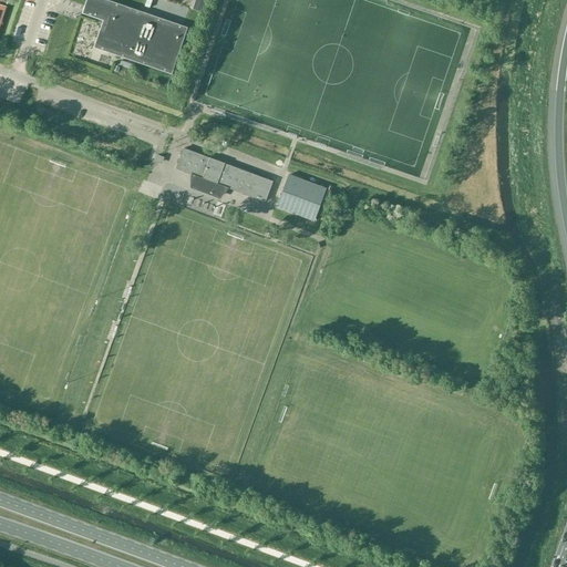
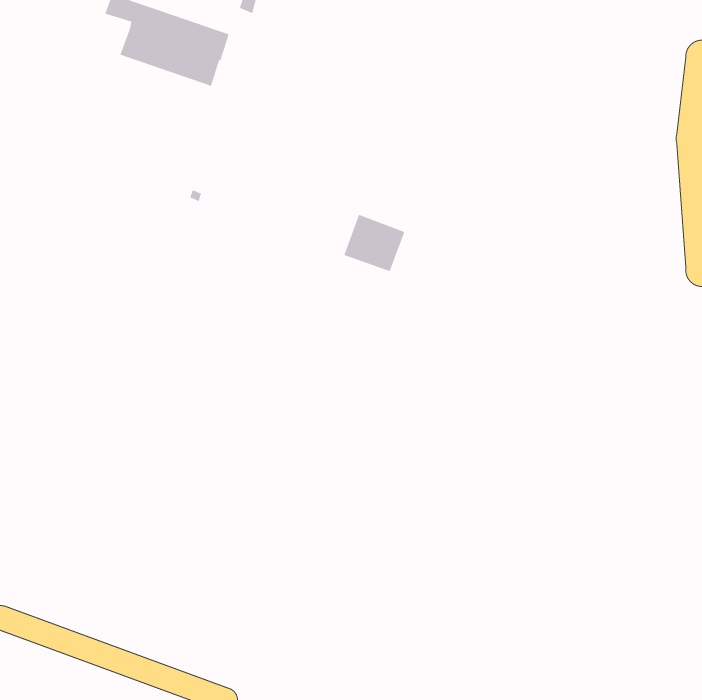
building: [176,147,272,200] -> none

